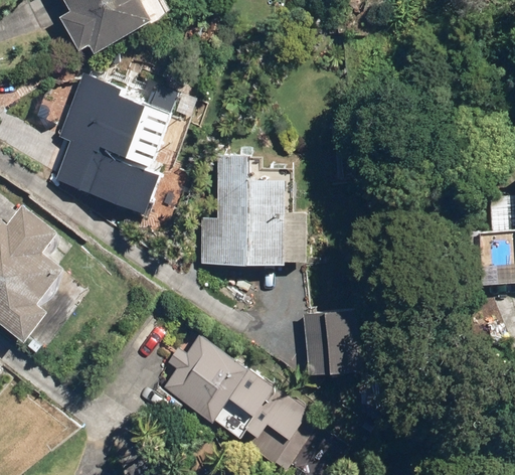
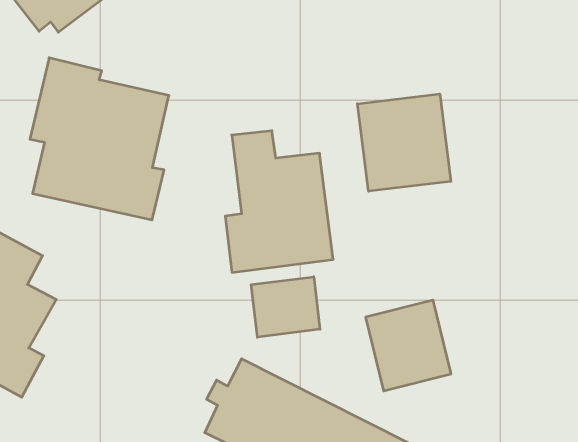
building: none -> [357,94,451,191]
building: none -> [251,277,320,337]

